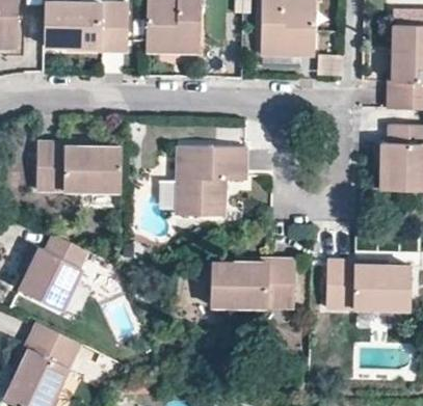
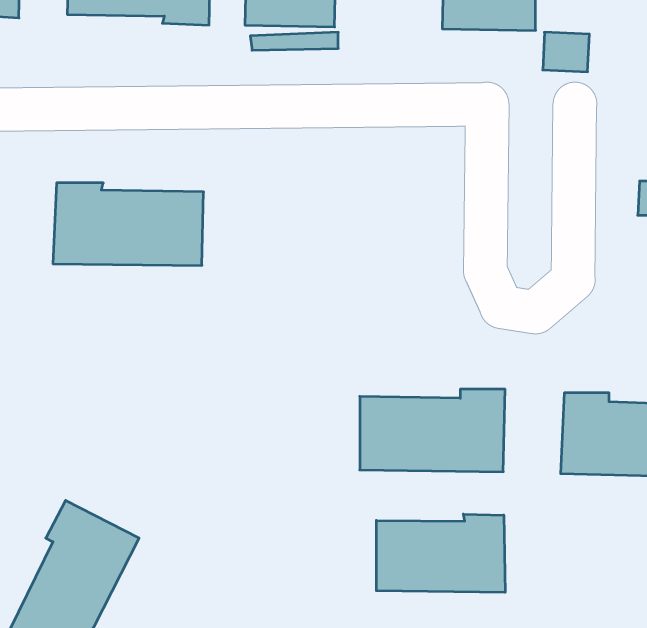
building: [174,143,245,213] -> none
building: [22,237,91,316] -> none
building: none -> [376,514,505,592]

